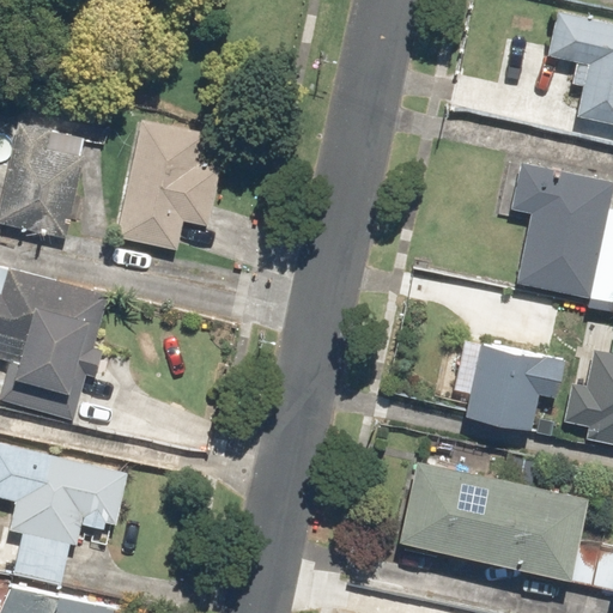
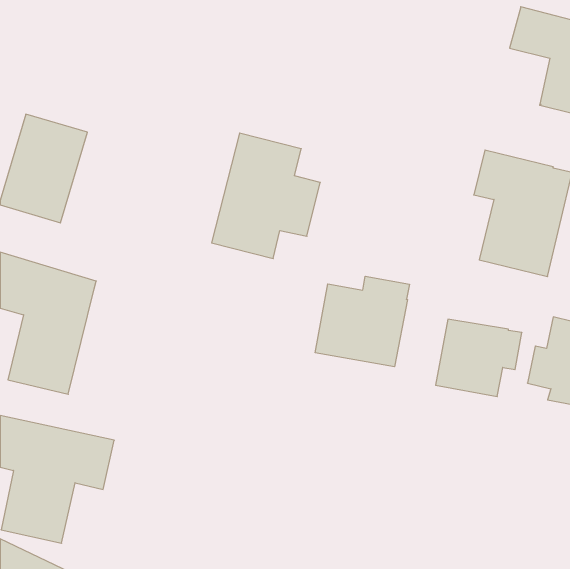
building: [110,120,226,254] -> [212,133,320,259]
building: none -> [315,276,409,367]
building: [395,460,579,575] -> none

